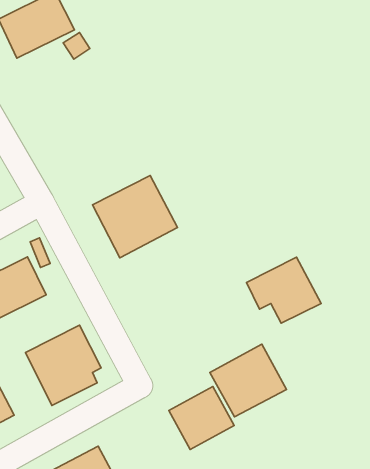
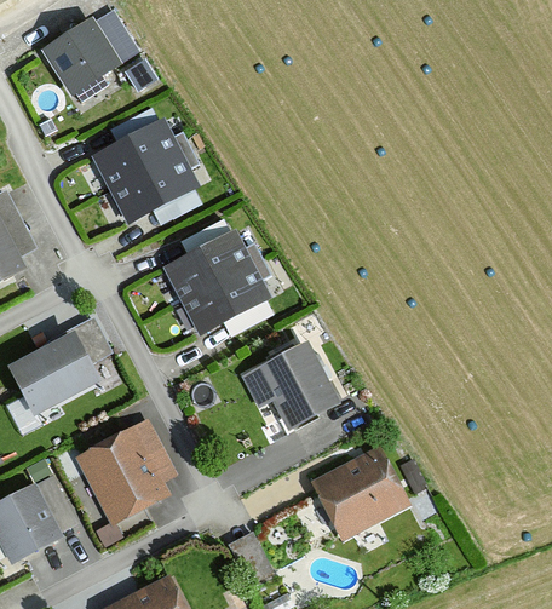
building: none -> [92,116,200,222]
building: [246,257,321,323] -> [242,343,338,427]
building: [169,387,234,449] -> none

